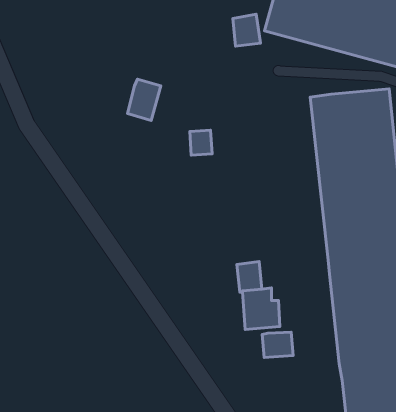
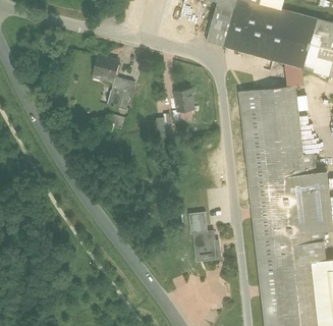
building: [233,14,260,46] -> [171,88,191,111]
building: none -> [89,54,116,82]
building: [262,332,293,357] -> none

